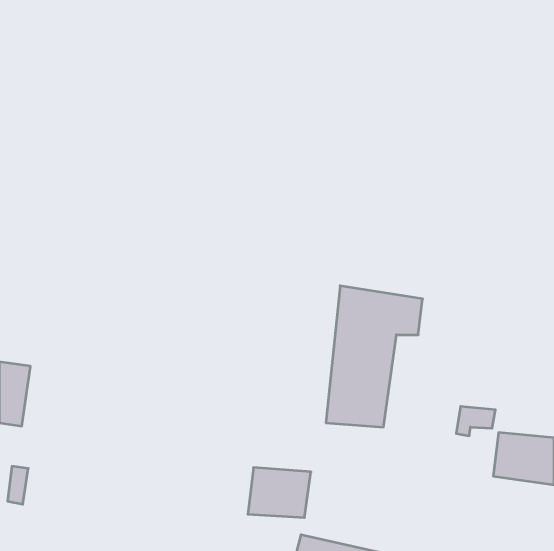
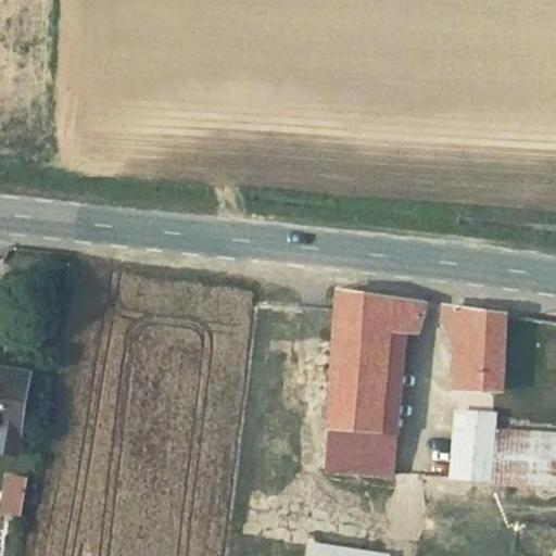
building: none -> [453,308,507,392]
building: none -> [451,431,492,484]
building: [248,468,311,518] -> [320,427,383,477]

